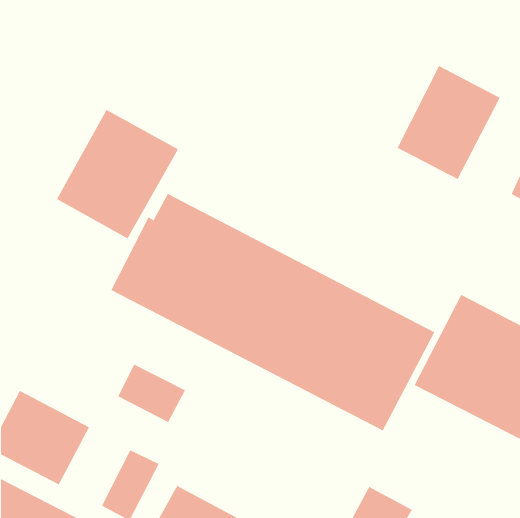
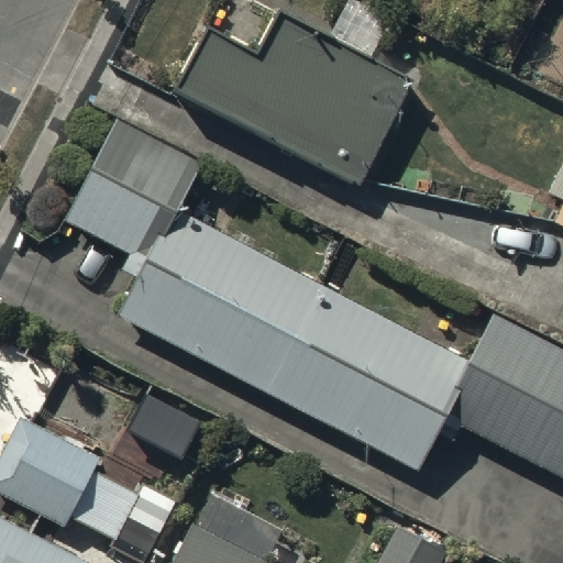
building: none -> [175,14,417,183]
building: [397,65,500,180] -> none

